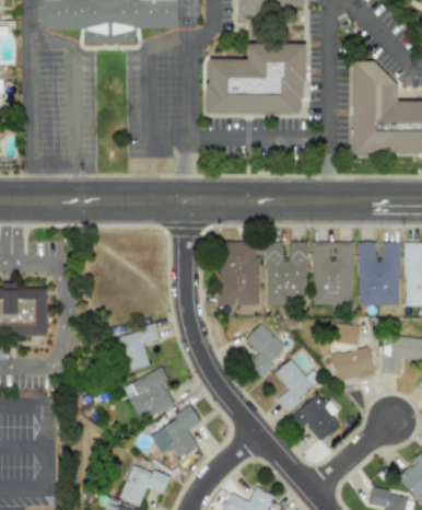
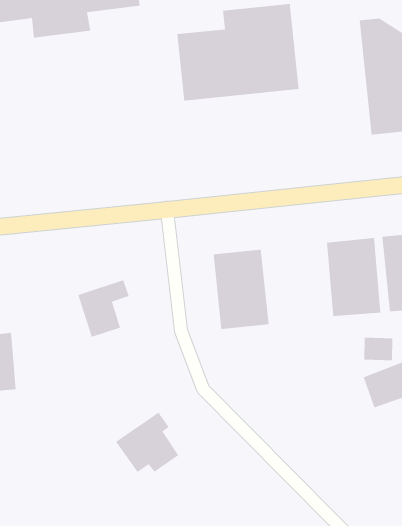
building: [266,242,307,303] -> none
building: [245,323,288,376] -> none
building: [116,326,159,371] -> [77,279,129,338]
building: [274,359,315,412] -> none
building: [292,395,341,441] -> none
building: [149,408,200,457] -> none

